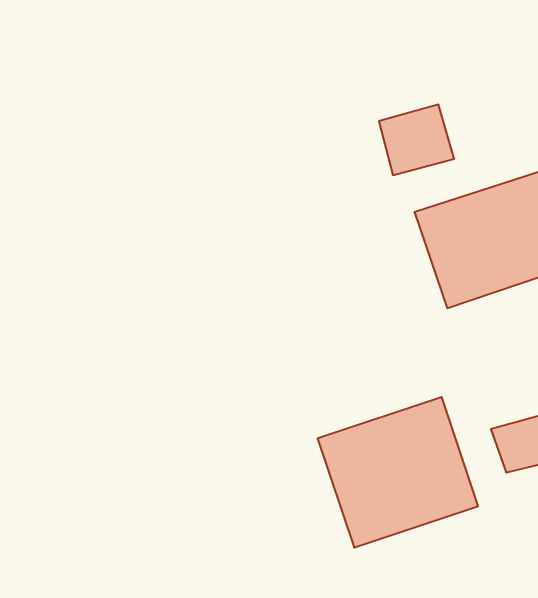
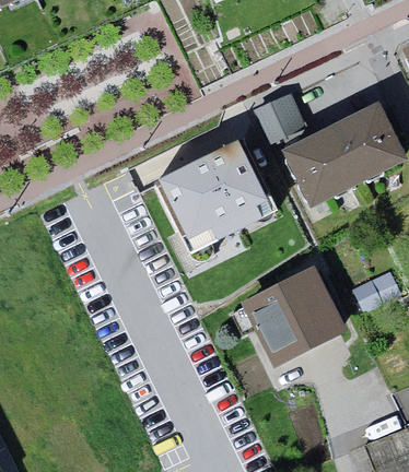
building: none -> [154,135,273,247]

